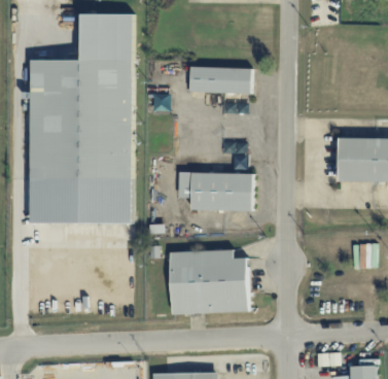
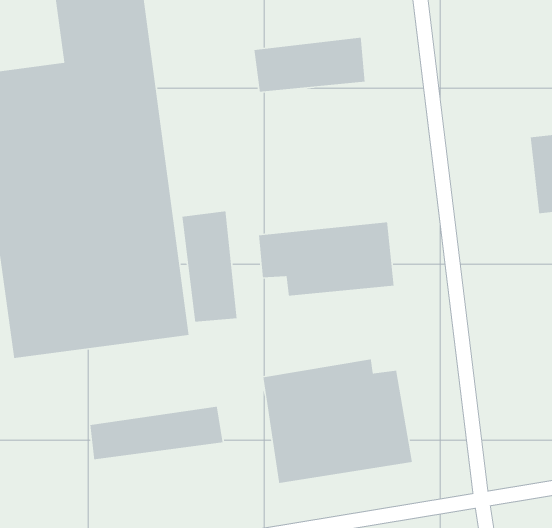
building: none -> [182,211,238,322]
building: none -> [90,406,224,460]

